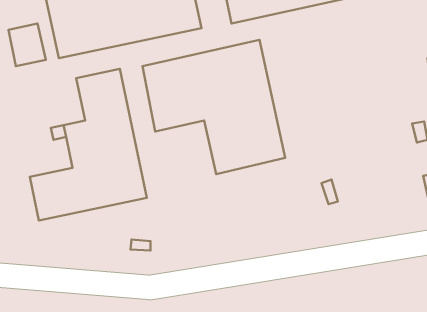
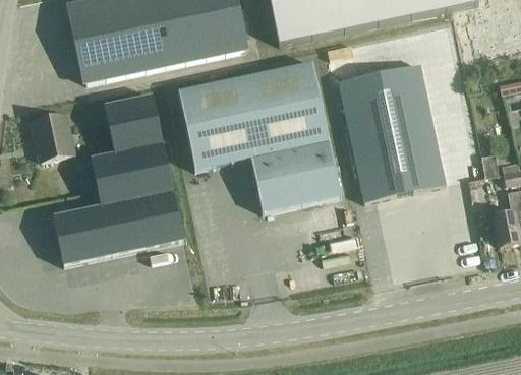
building: [8,23,46,66] -> [34,112,75,160]
building: none -> [340,62,446,200]

